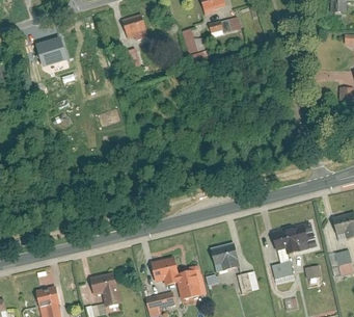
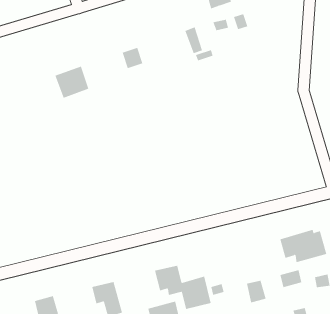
building: [124,15,148,39] -> none
building: [38,38,72,70] -> [55,66,89,98]
building: [211,242,241,270] -> none

